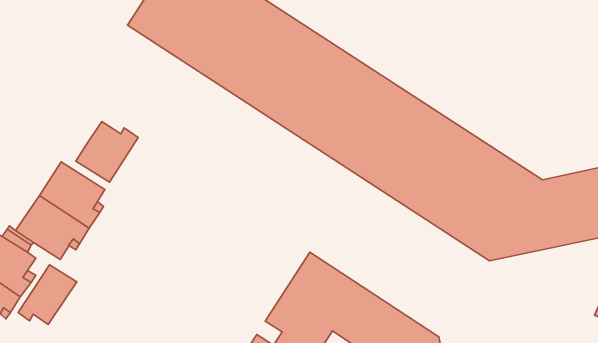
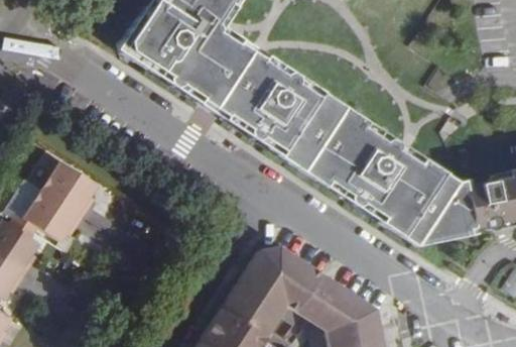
building: [76,122,138,182] -> none
building: [18,265,77,324] -> none

